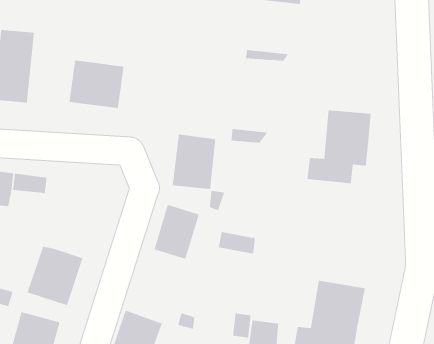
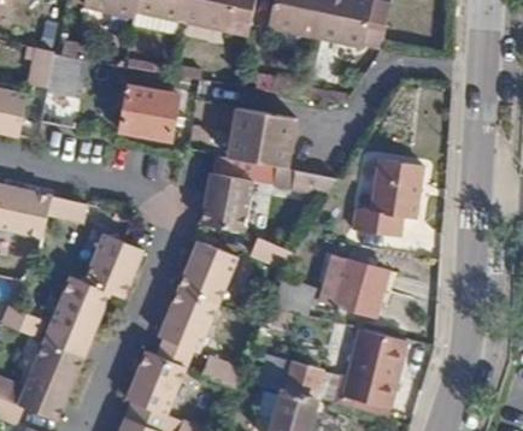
building: none -> [227,105,299,166]
building: none -> [87,225,149,294]
building: none -> [302,254,374,320]
building: none -> [170,288,221,348]

